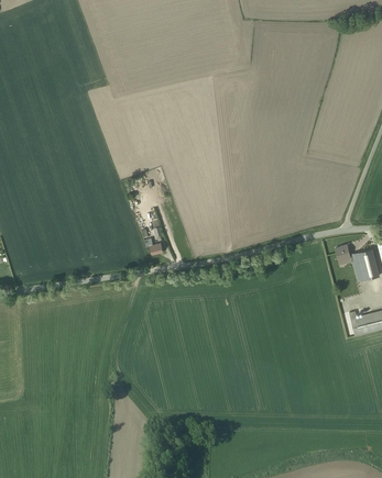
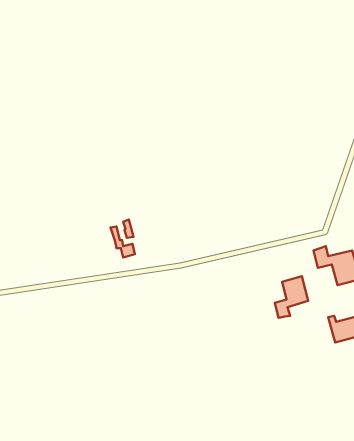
building: none -> [275,276,308,318]

